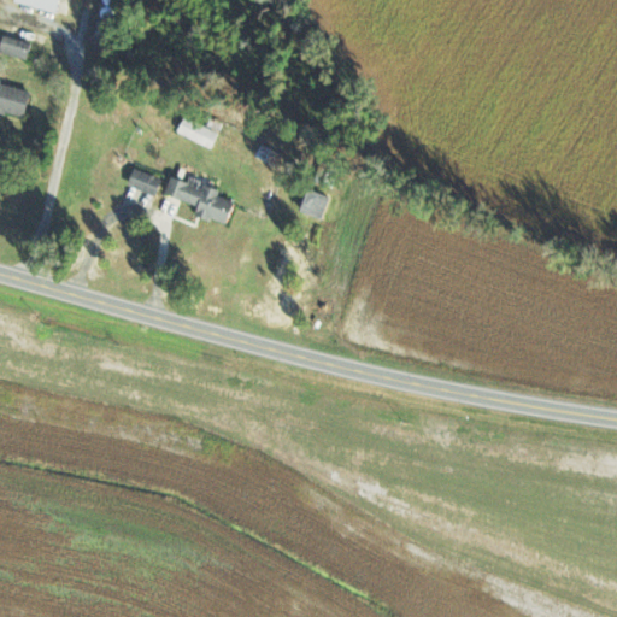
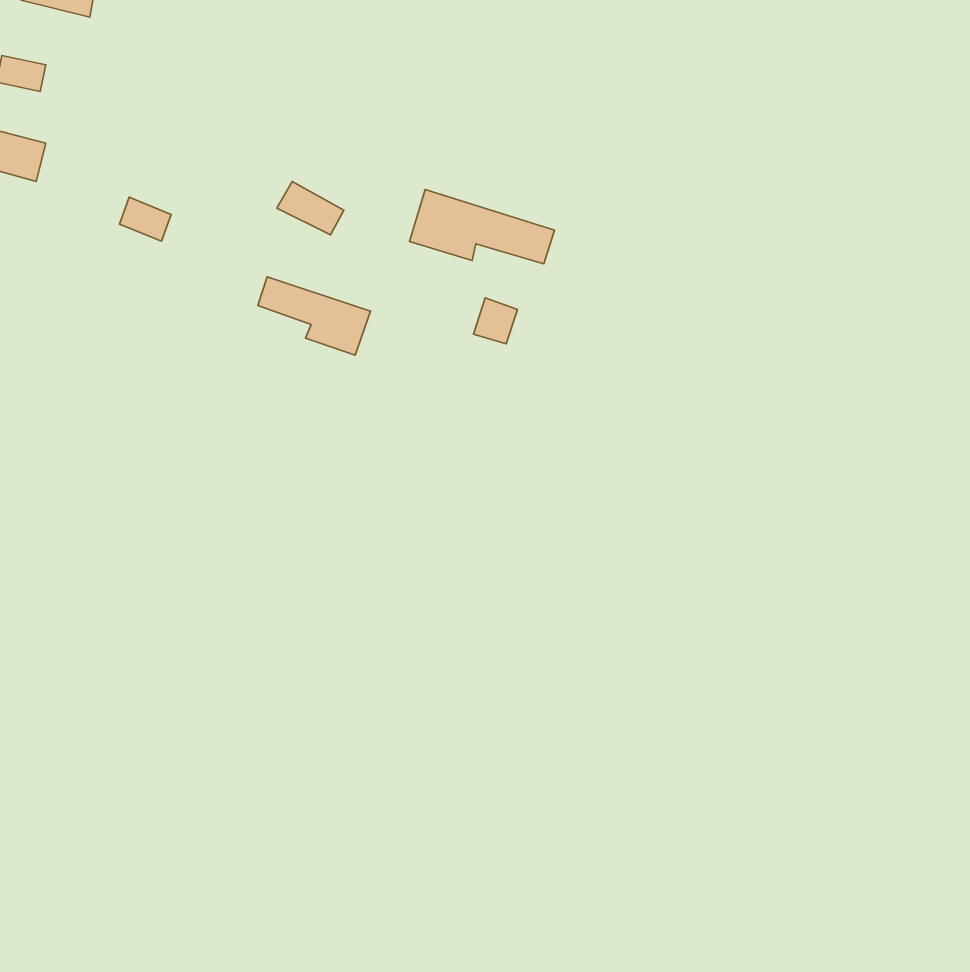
building: none -> [410,189,554,264]
building: [127,168,159,195] -> [120,197,171,241]

